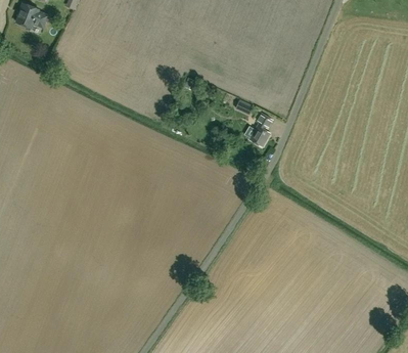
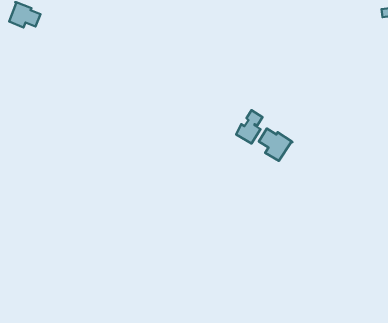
building: none -> [259,129,293,161]

